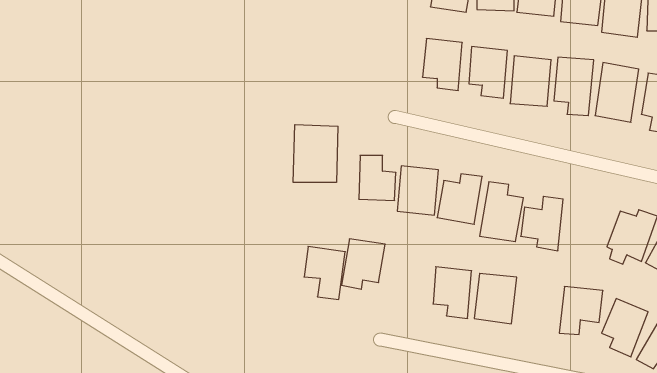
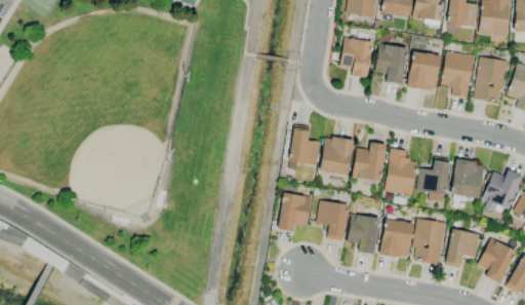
building: [293,125,338,182] -> none
building: none -> [452,160,483,198]
building: [304,246,345,299] -> [317,200,349,241]
building: none -> [412,219,446,264]

